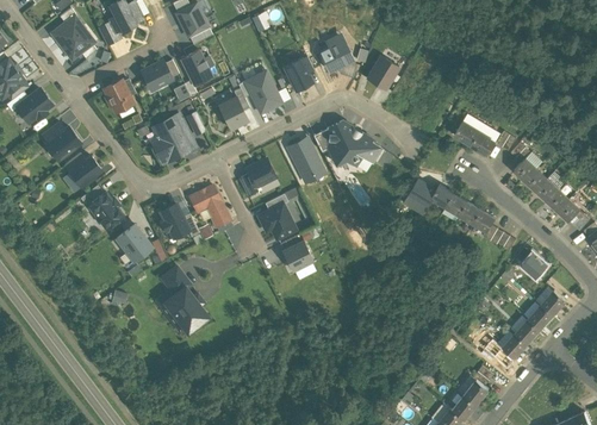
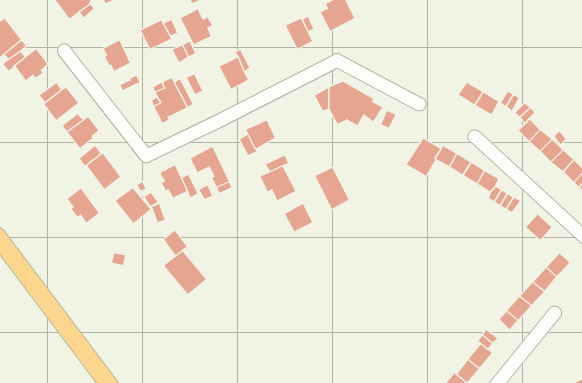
building: [367,57,398,89] -> none
building: [244,71,281,114] -> none
building: [288,139,323,181] -> [315,167,350,210]
building: none -> [67,188,100,224]

